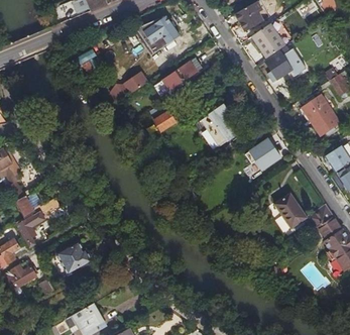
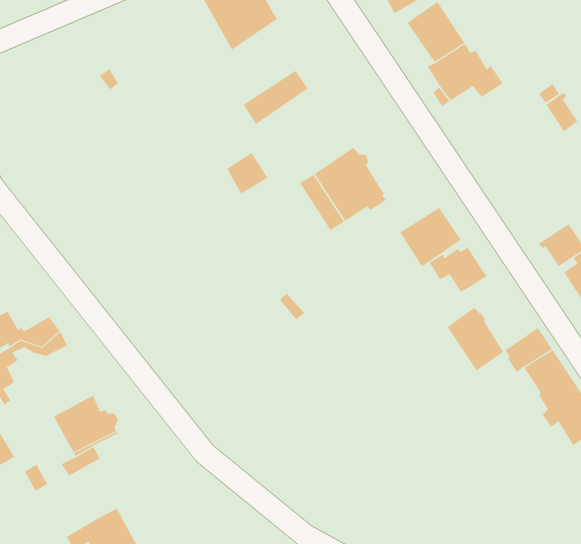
building: [111,74,146,102] -> none
building: [300,95,339,134] -> none
building: none -> [429,247,488,293]

